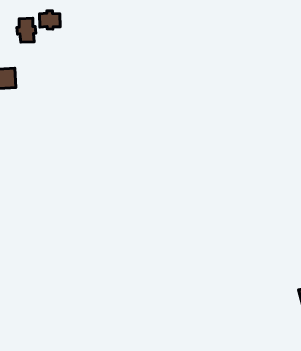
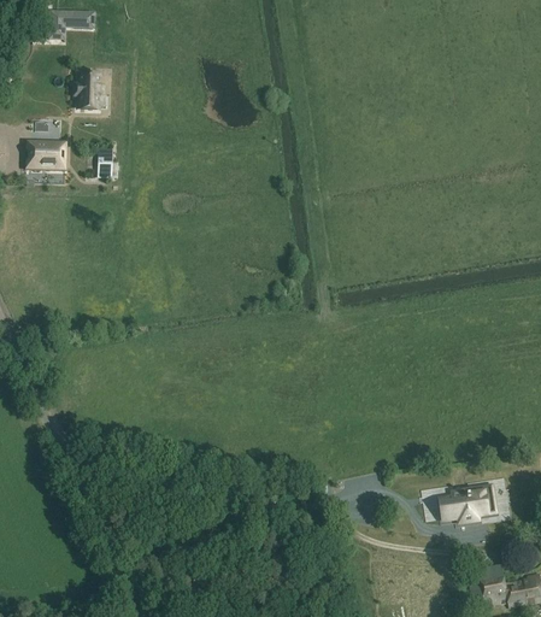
building: [39,11,60,29] -> none

